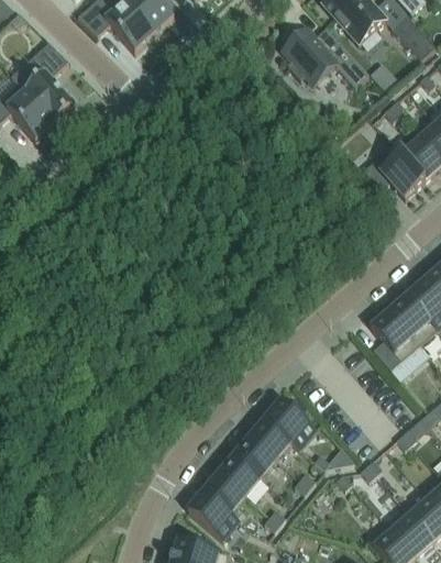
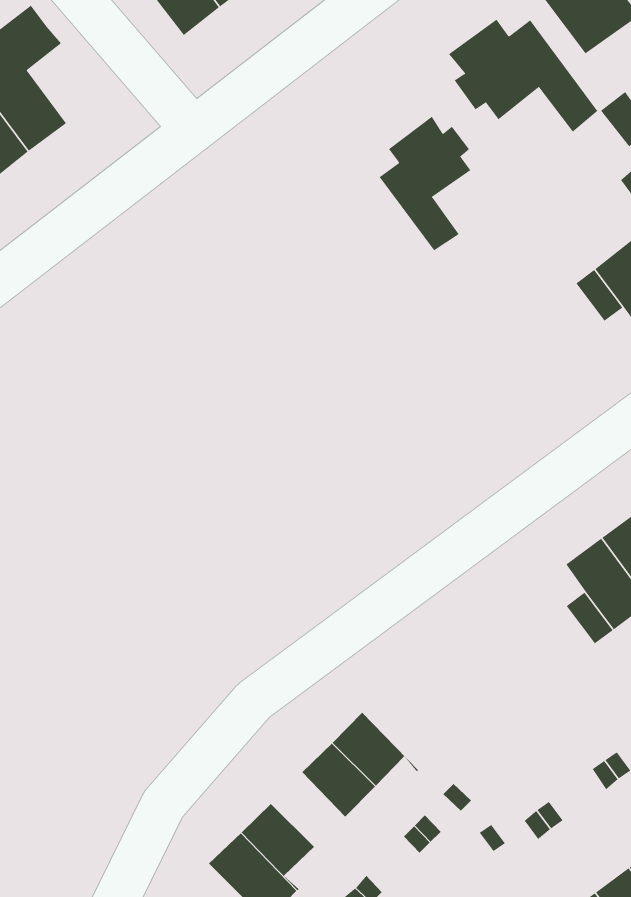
building: none -> [379,116,471,251]
building: [265,400,316,449] -> none
building: [219,455,261,496] -> none

